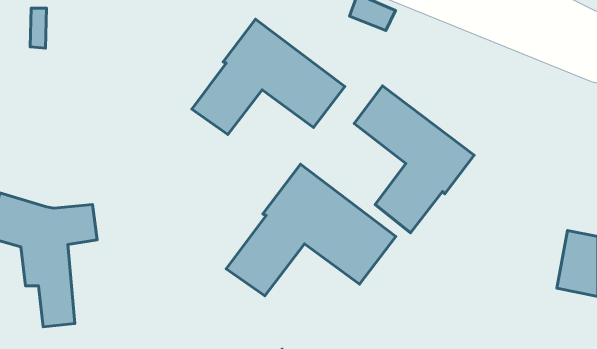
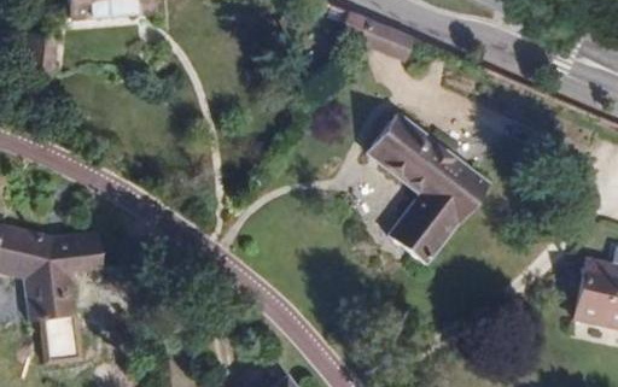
building: [192,19,345,135] -> none
building: [226,164,396,296] -> none

